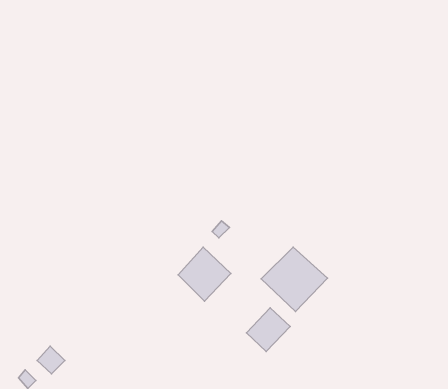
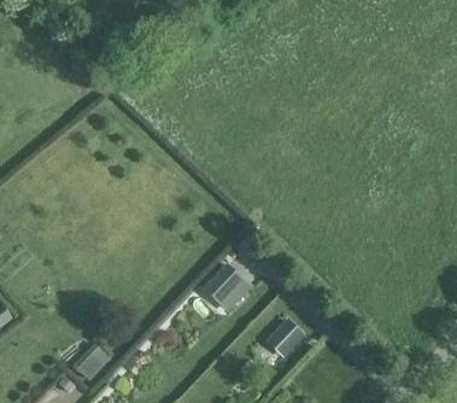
building: [261,247,327,312] -> none

